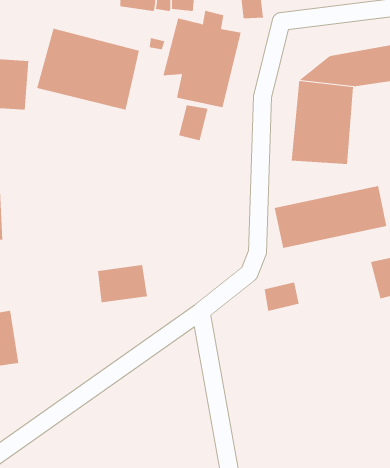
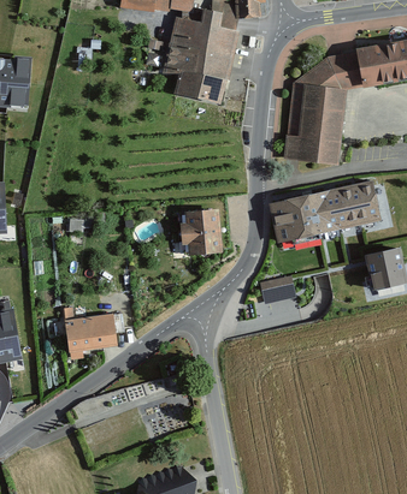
building: [36,28,140,110] -> none
building: [178,104,208,141] -> none
building: none -> [183,206,224,251]
building: [97,265,148,303] -> [67,311,117,349]

